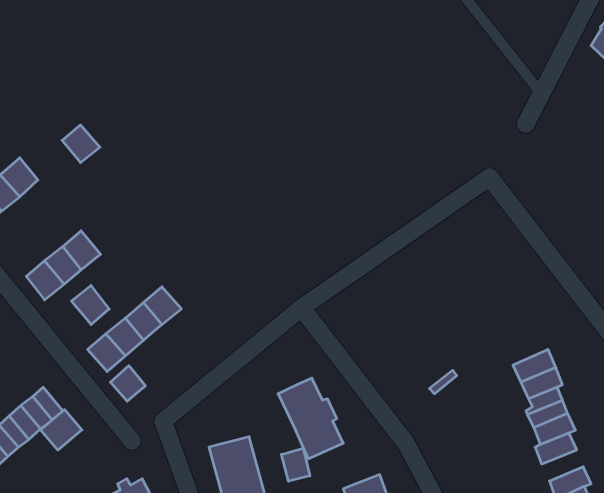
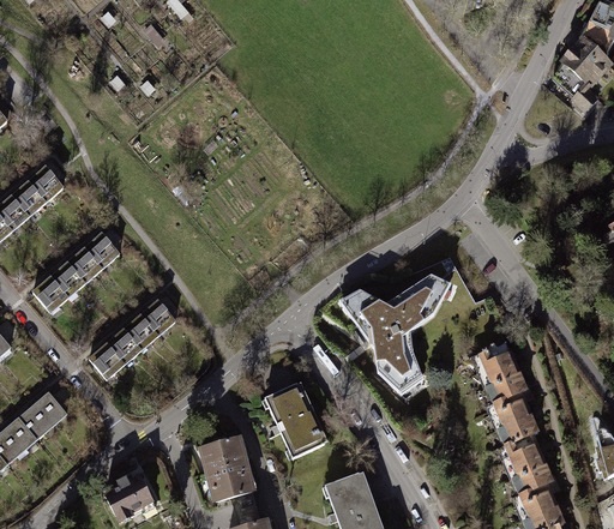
building: [62,125,100,163] -> [28,167,62,202]
building: none -> [348,281,450,391]
building: [71,285,109,325] -> [84,234,119,270]
building: none -> [475,342,513,372]
building: [110,366,145,401] -> none
building: [40,410,82,450] -> none
building: [281,448,310,481] -> none
building: none -> [507,450,546,479]

